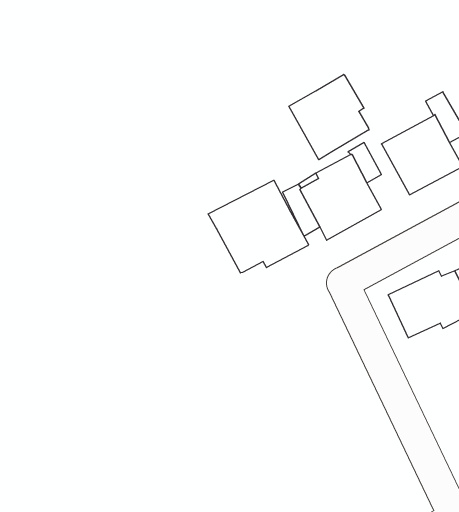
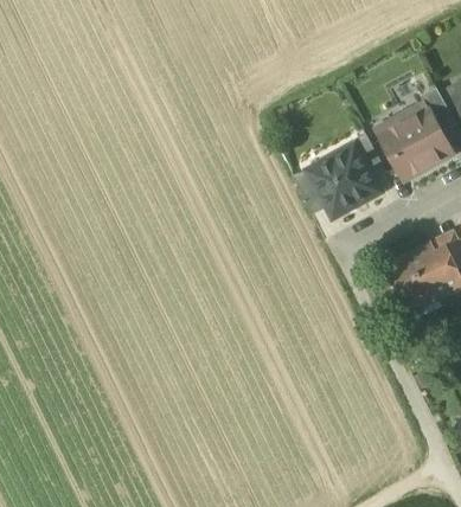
building: [289,74,369,160] -> none
building: [208,180,308,273] -> none

